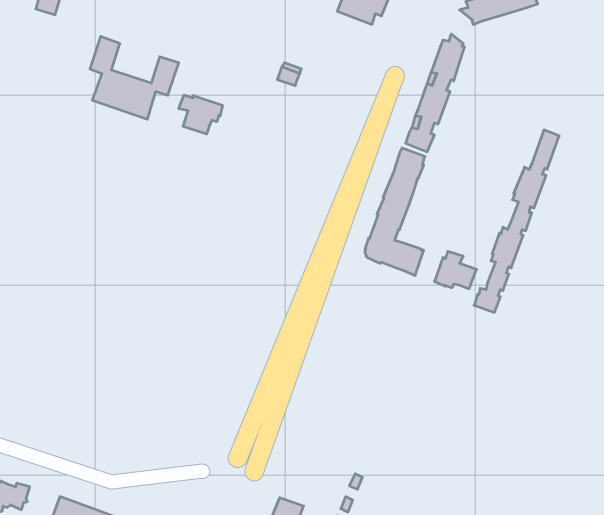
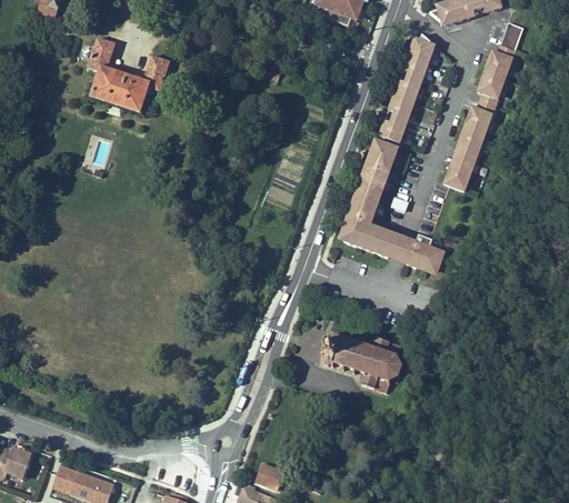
building: [179,95,222,134] -> none
building: [474,130,559,312] -> [443,21,522,190]
building: none -> [388,234,413,263]
building: none -> [320,332,401,392]

